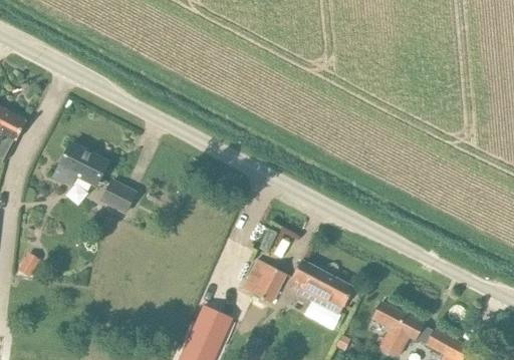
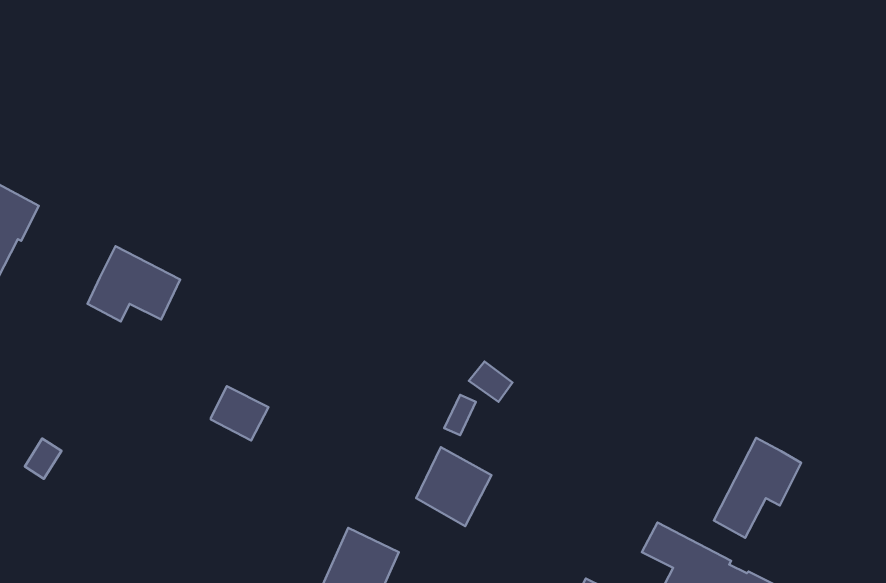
building: [102,179,136,211] -> [211,386,269,440]
building: [269,250,353,312] -> none
building: none -> [714,438,801,538]

